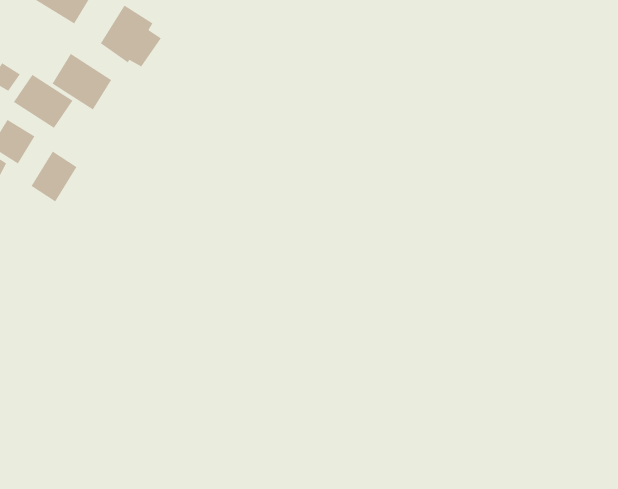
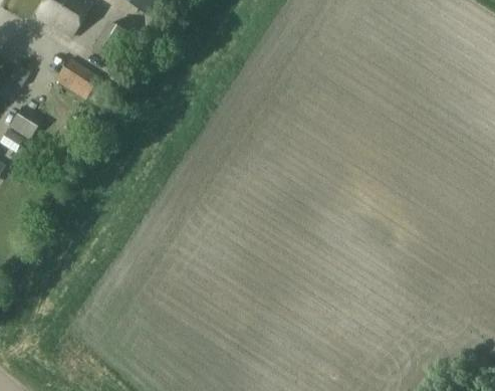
building: [13,74,73,129] -> none
building: [31,151,77,202] -> none

